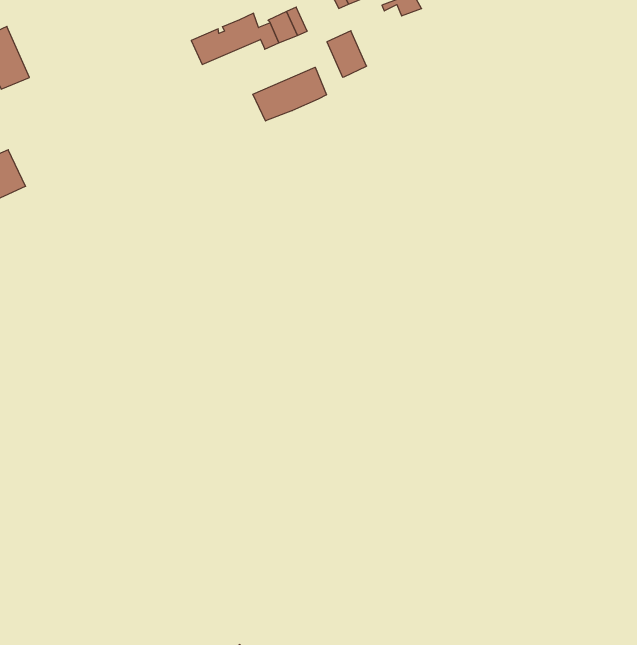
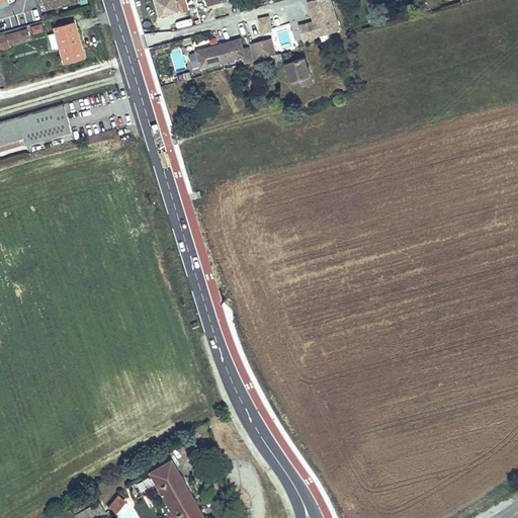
building: [253,67,326,121] -> none

